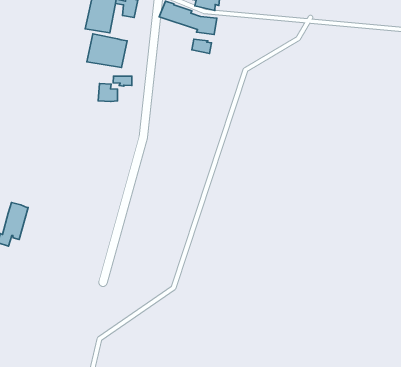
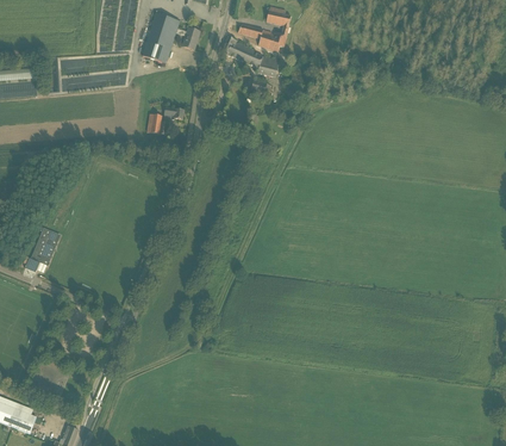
building: [87,34,127,68] -> none

